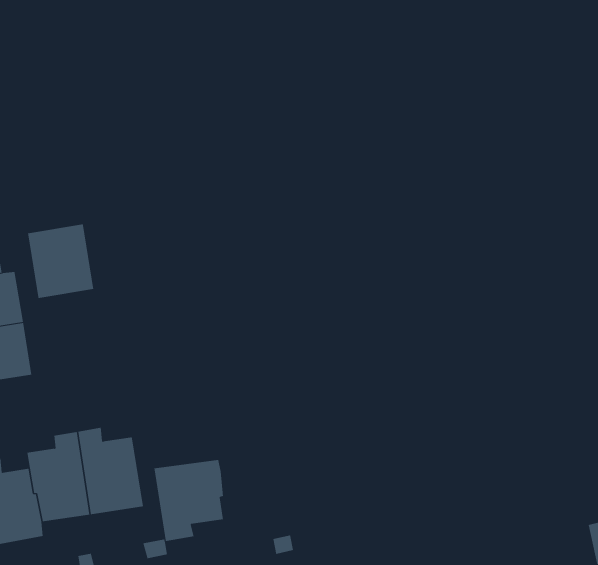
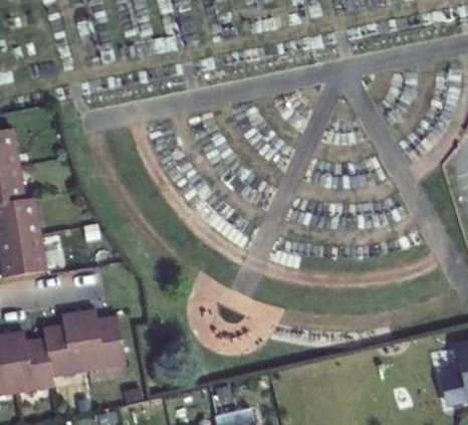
building: [27,223,94,299] -> none
building: [154,459,224,542] -> none

